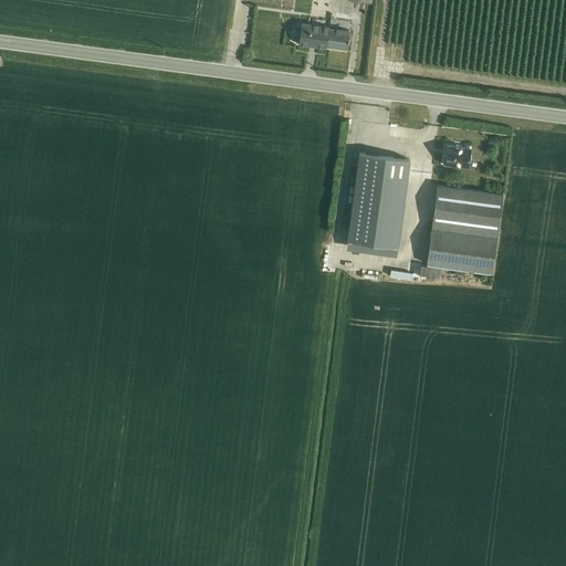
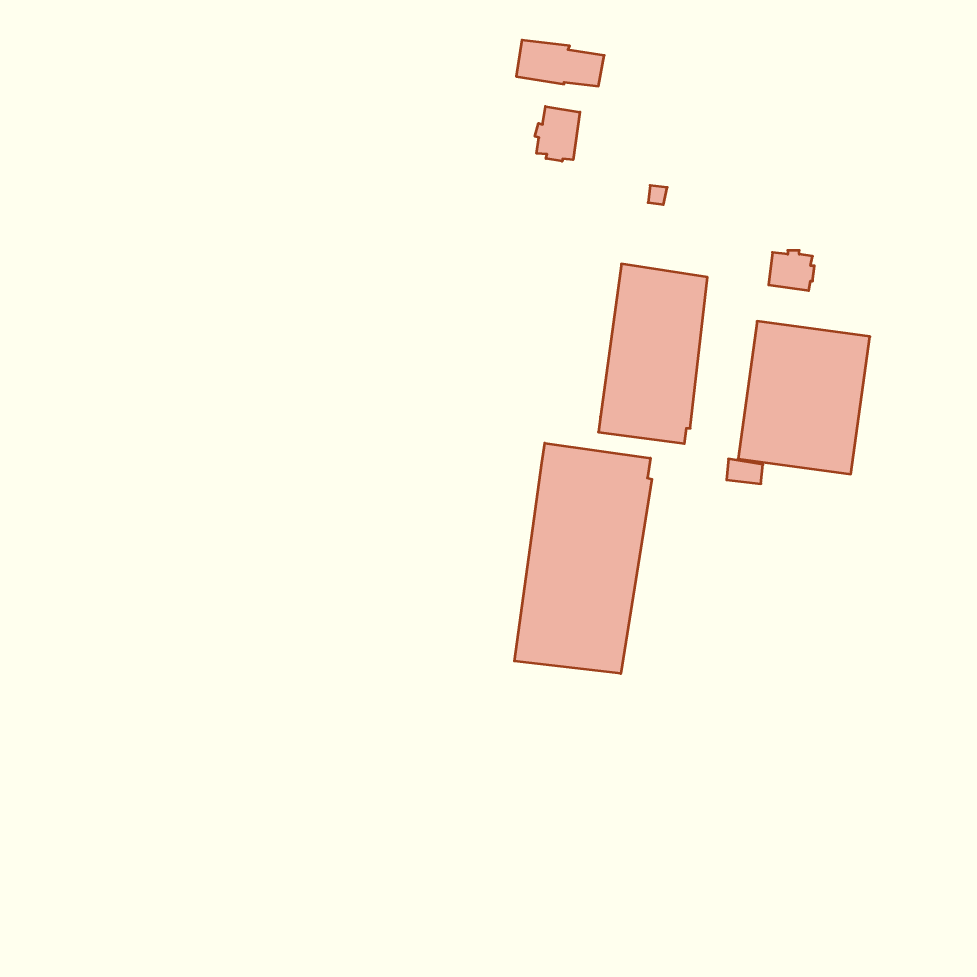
building: none -> [535,106,580,161]
building: none -> [514,443,652,674]

